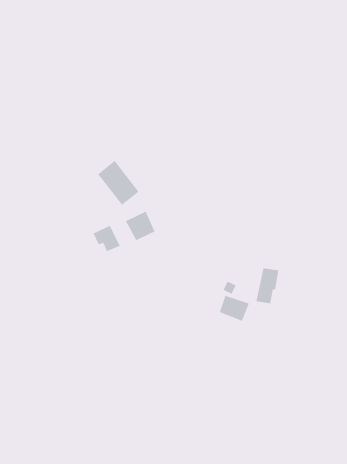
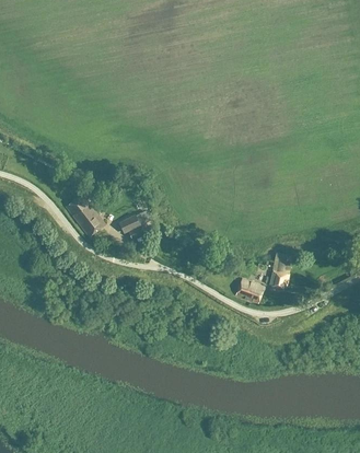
building: [97,160,140,206] -> [67,193,106,235]
building: [125,210,155,241] -> none

